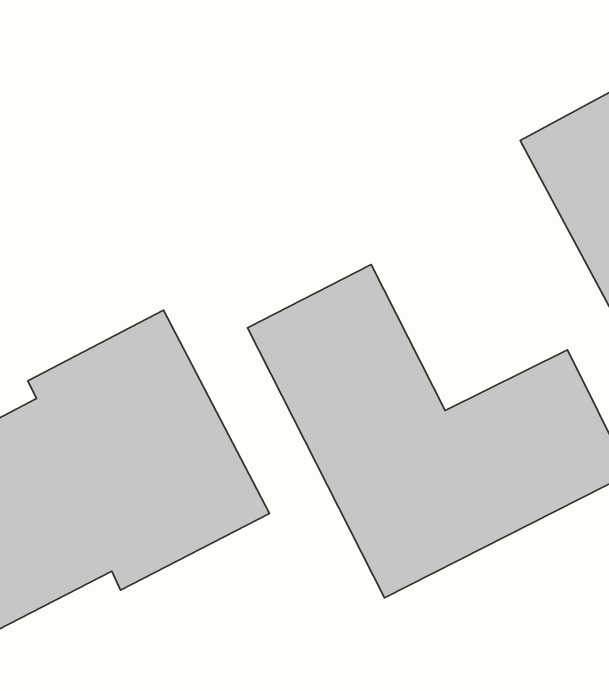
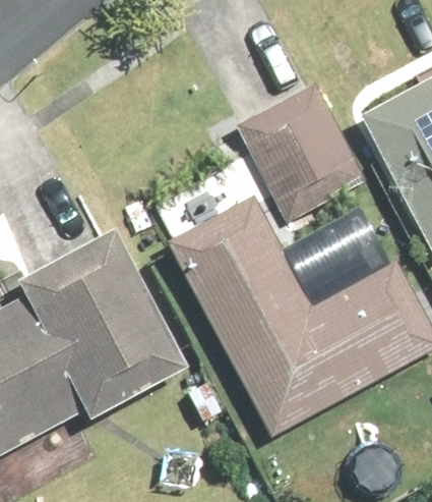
building: none -> [237,81,364,219]

